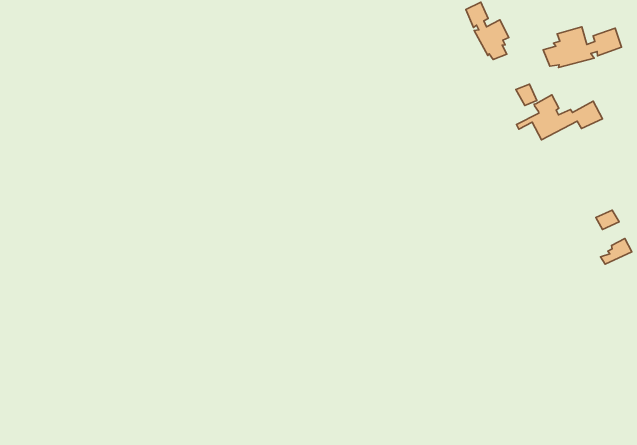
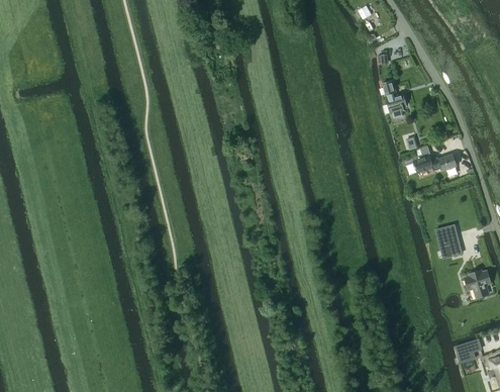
building: [543,27,621,68] -> none

